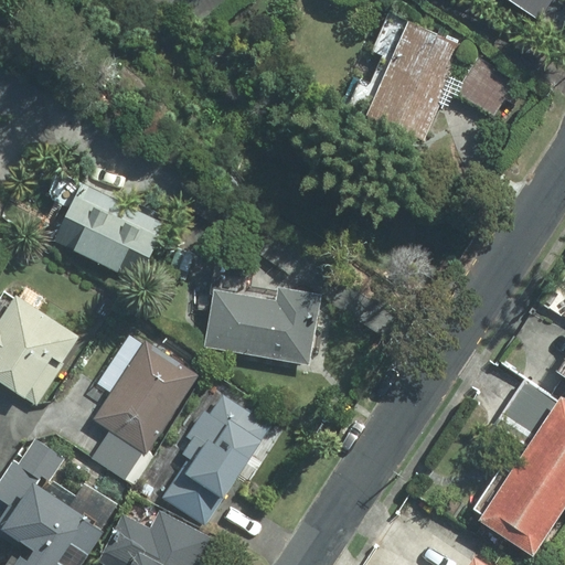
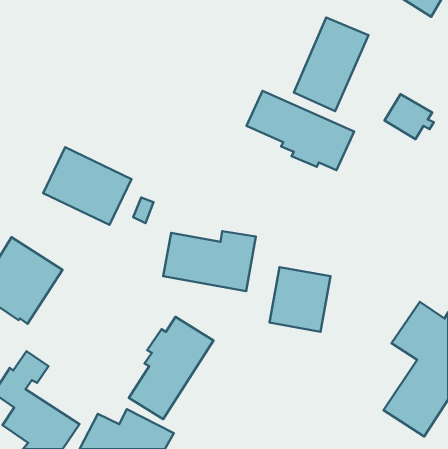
building: [454,56,515,113] -> [385,94,434,139]
building: none -> [246,91,354,170]
building: none -> [269,267,331,332]
building: [90,342,195,477] -> none

